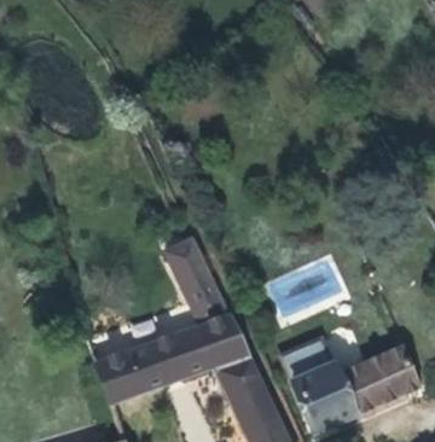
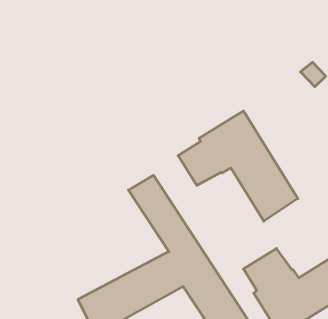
building: none -> [178,111,298,221]

